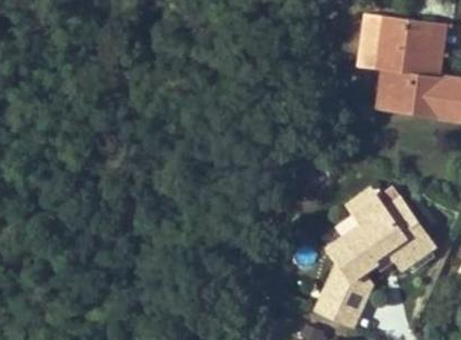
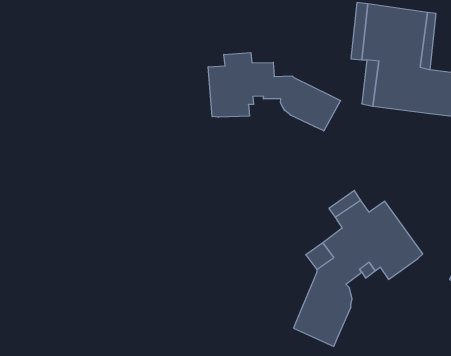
building: none -> [208,53,341,131]

